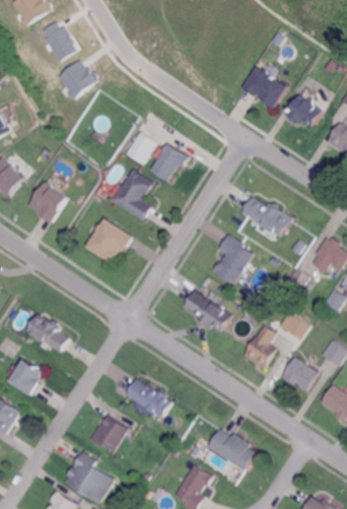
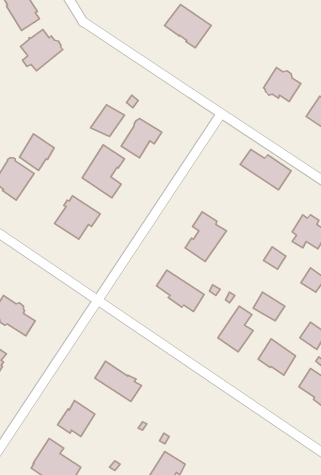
building: [241,67,286,109] -> [164,4,211,48]
building: none -> [19,134,54,171]
building: [241,196,290,235] -> [240,150,291,190]
building: [207,428,254,469] -> none

